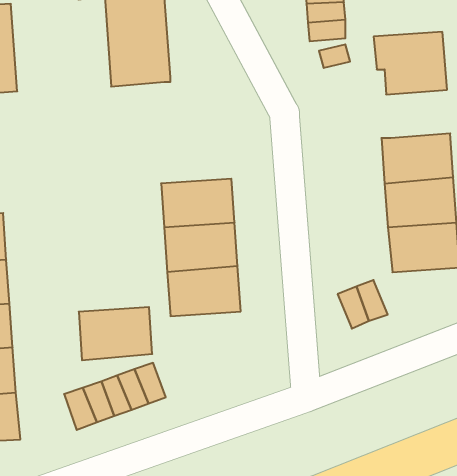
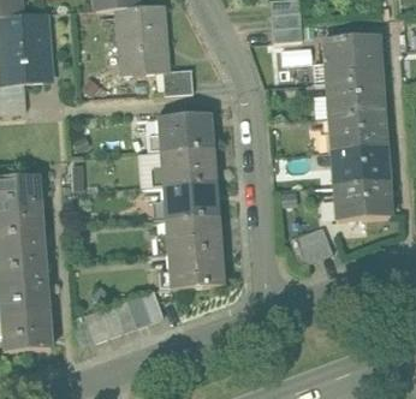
building: none -> [164,67,194,96]
building: none -> [328,79,384,117]
building: none -> [158,113,215,151]
building: [79,307,152,360] -> [168,250,225,291]

